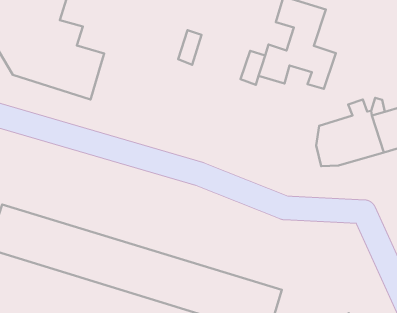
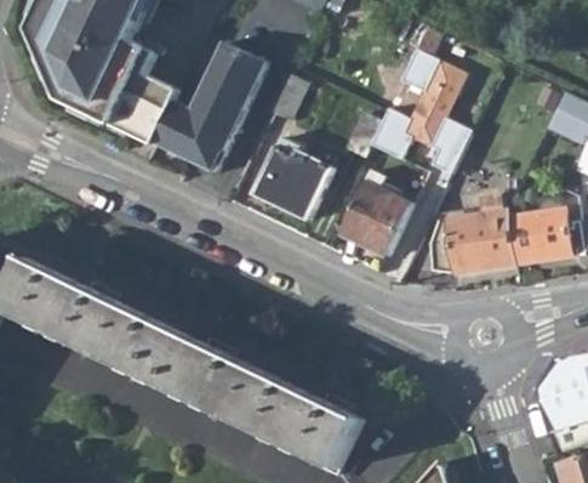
building: none -> [155,39,267,171]
building: none -> [256,136,332,218]
building: none -> [342,172,413,257]

